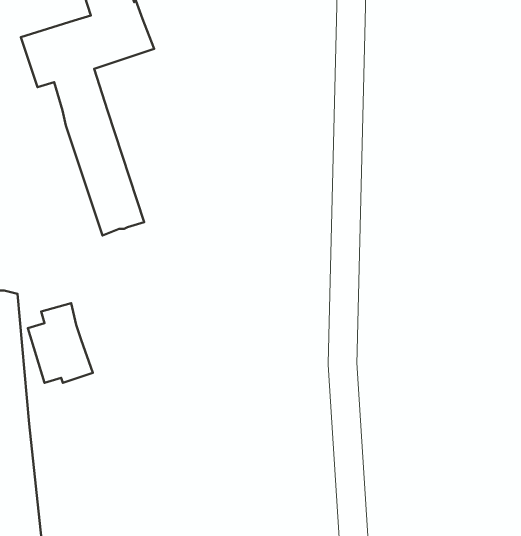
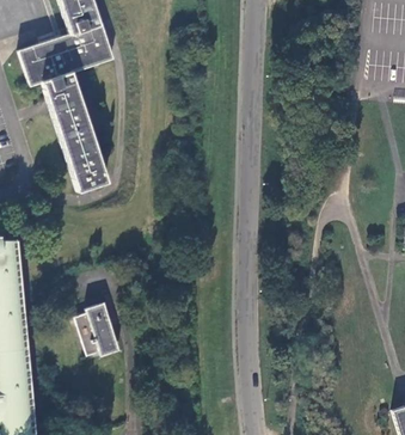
building: [28,303,93,383] -> [76,299,123,356]

